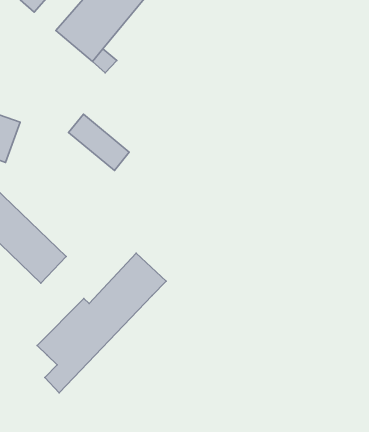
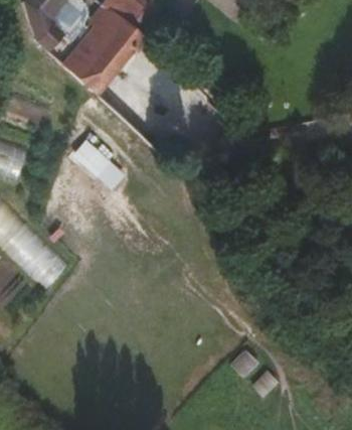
building: [37,253,166,393] -> none

